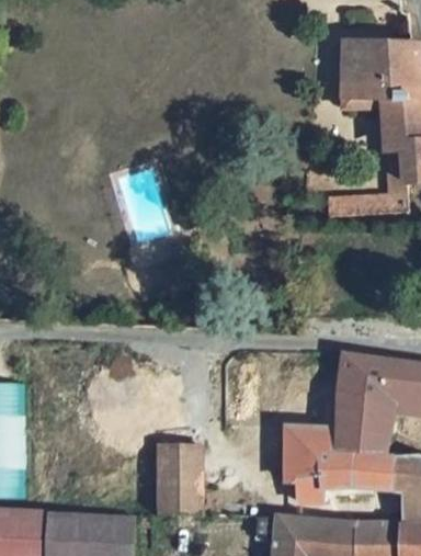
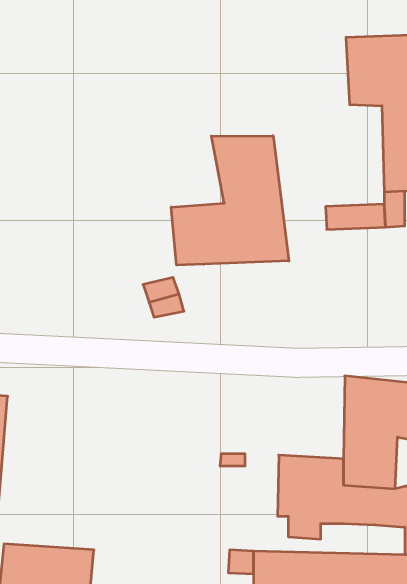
building: none -> [171,136,289,265]
building: [147,442,189,512] -> none

